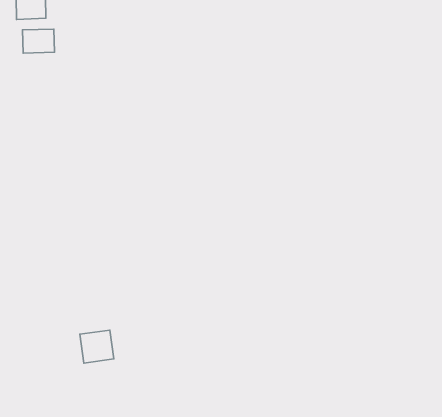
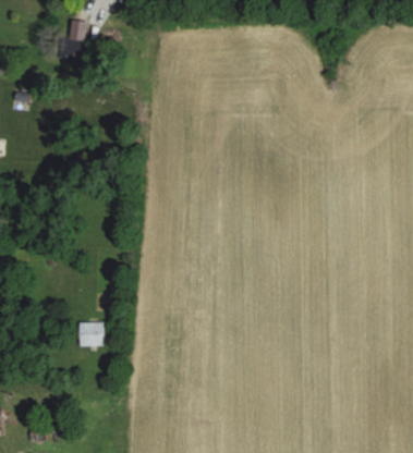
building: [23,29,54,53] -> none

